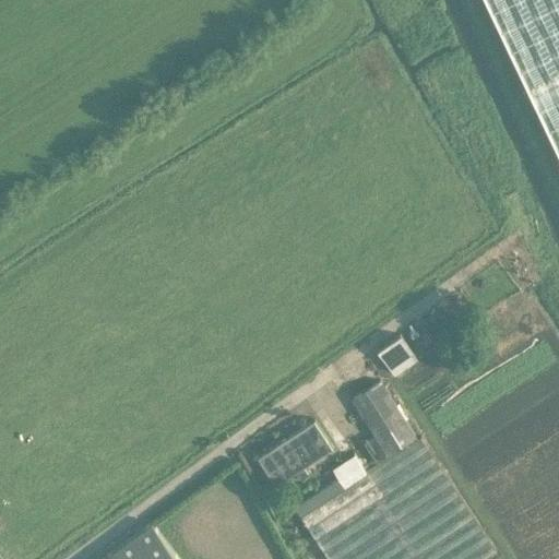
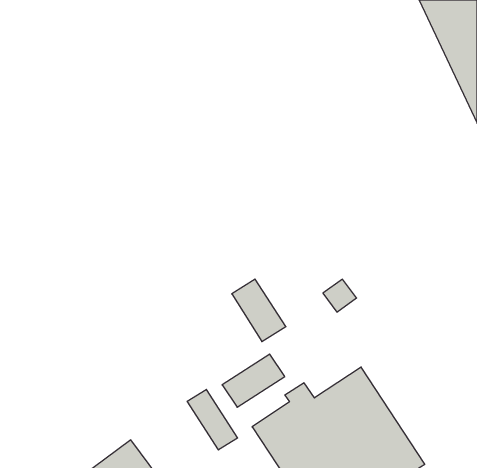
building: [353,384,416,457] -> [232,279,286,342]
building: none -> [187,389,238,450]

